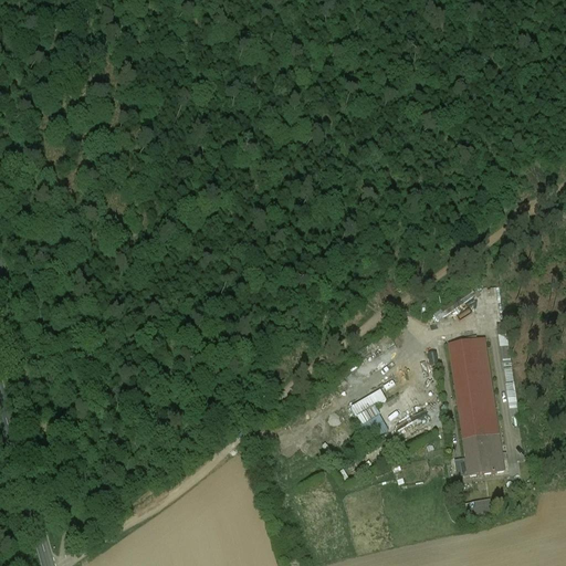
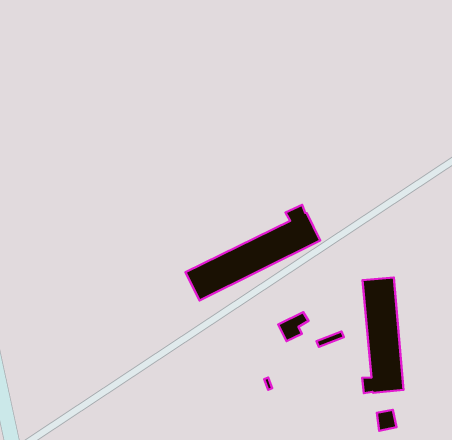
building: none -> [185,205,320,300]

